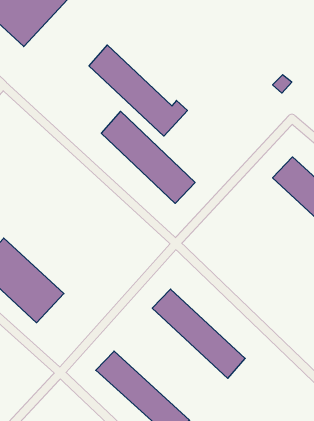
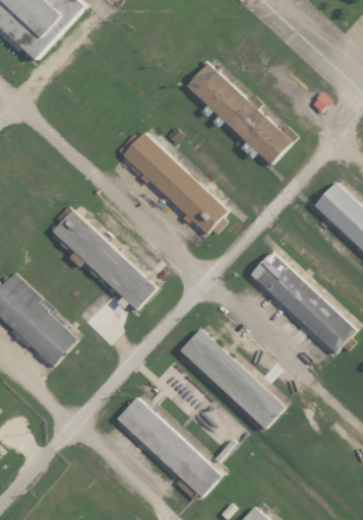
building: [89,45,187,136] -> [186,63,296,165]
building: none -> [51,210,155,310]
building: none -> [249,251,355,352]

